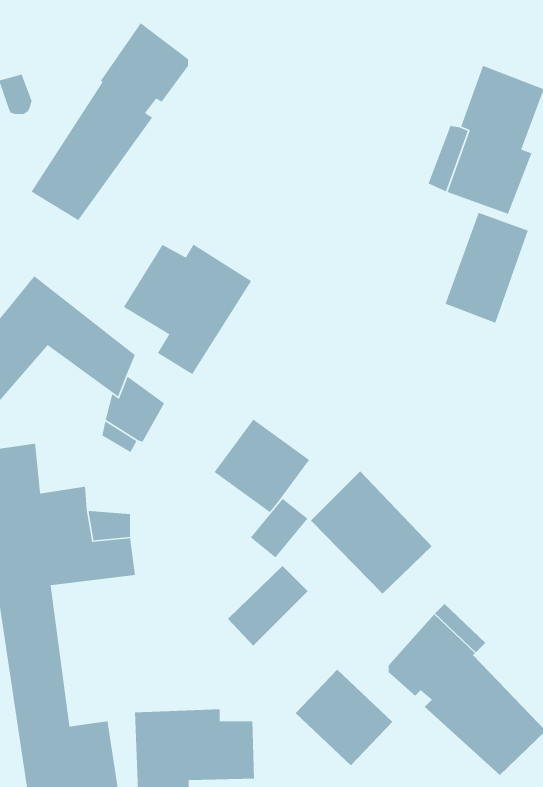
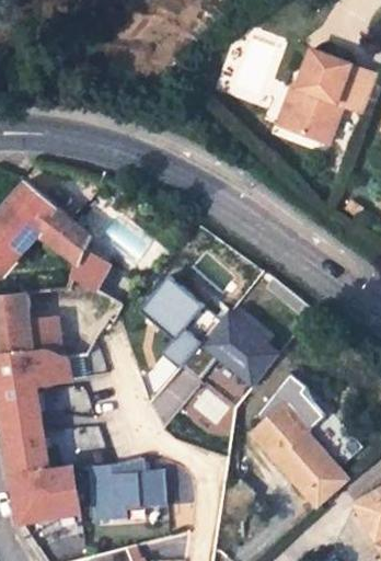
building: [30,22,189,221] -> none
building: [445,212,529,324] -> none
building: [123,243,252,375] -> none
building: [295,669,393,766] -> none

